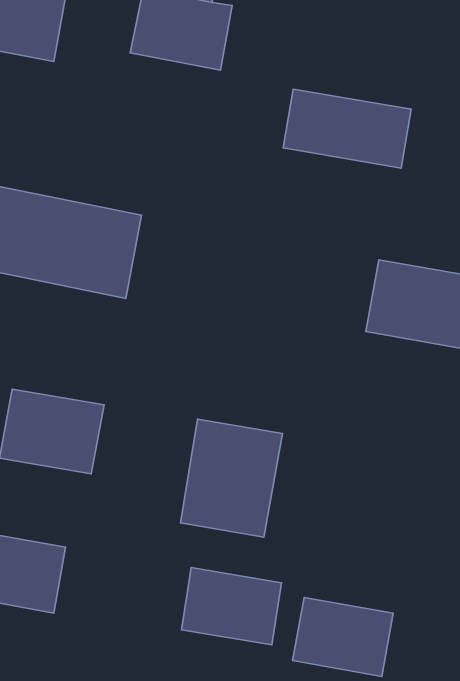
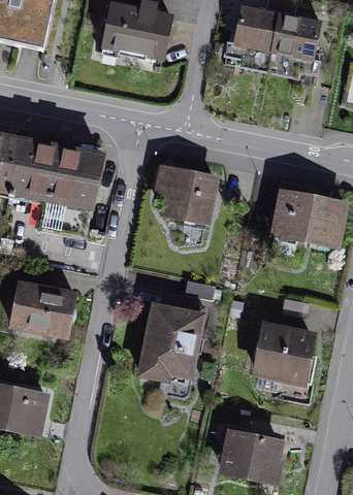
building: [283,89,411,168] -> [233,7,325,64]
building: none -> [151,167,220,226]
building: none -> [252,311,319,377]
building: [182,568,281,645] -> none

